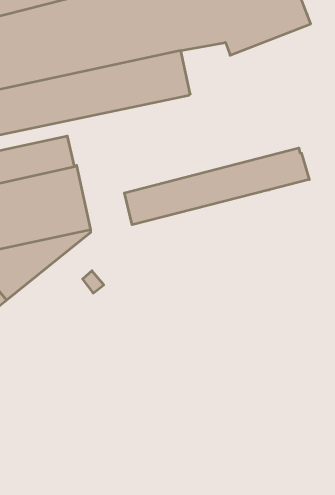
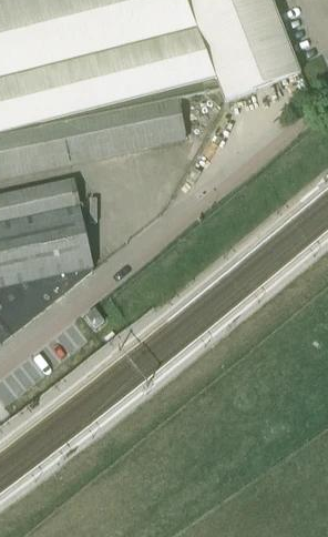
building: [124,148,309,225] -> none

